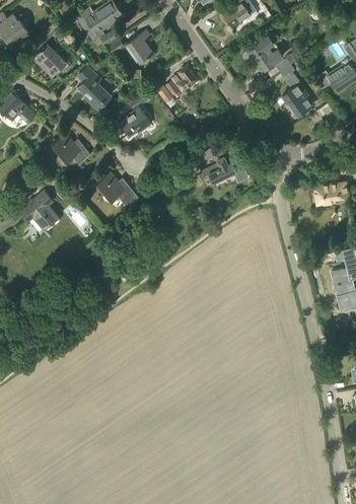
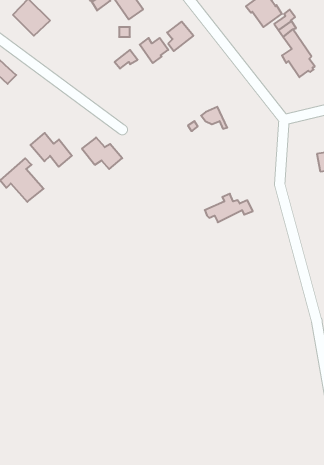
building: [78,67,111,110] -> none
building: [119,107,150,137] -> none
building: [52,133,90,164] -> [30,133,72,167]
building: [201,157,245,184] -> [205,194,253,222]

